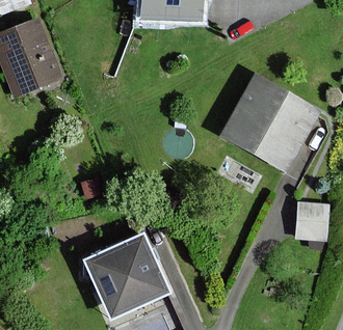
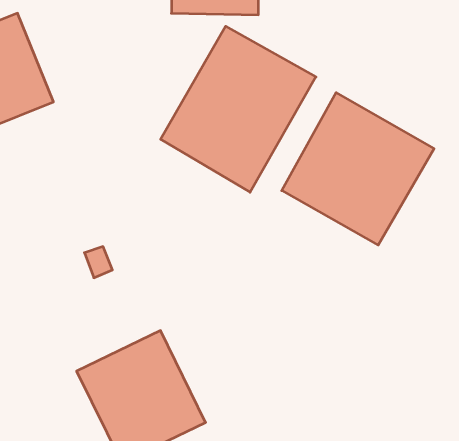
building: none -> [161,26,316,192]
building: [294,198,331,235] -> none

